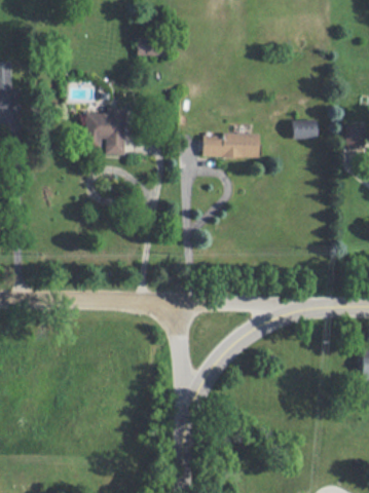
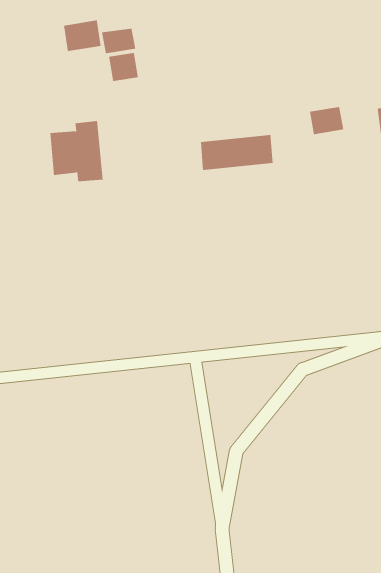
building: none -> [64,20,101,52]
building: none -> [109,52,138,82]

